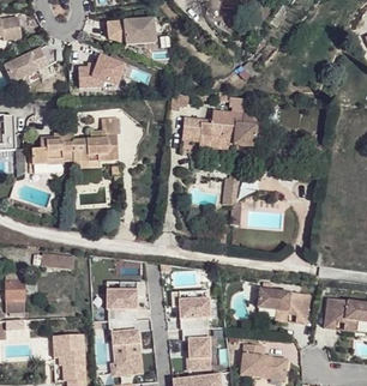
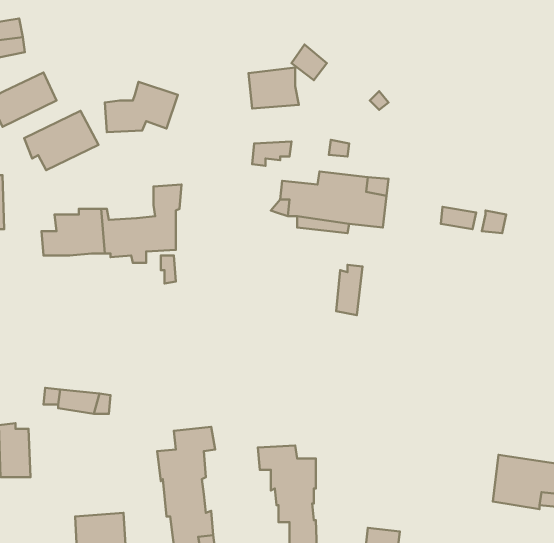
building: [125,18,157,44] -> [248,68,299,109]
building: none -> [24,111,99,170]
building: [257,284,308,322] -> none

